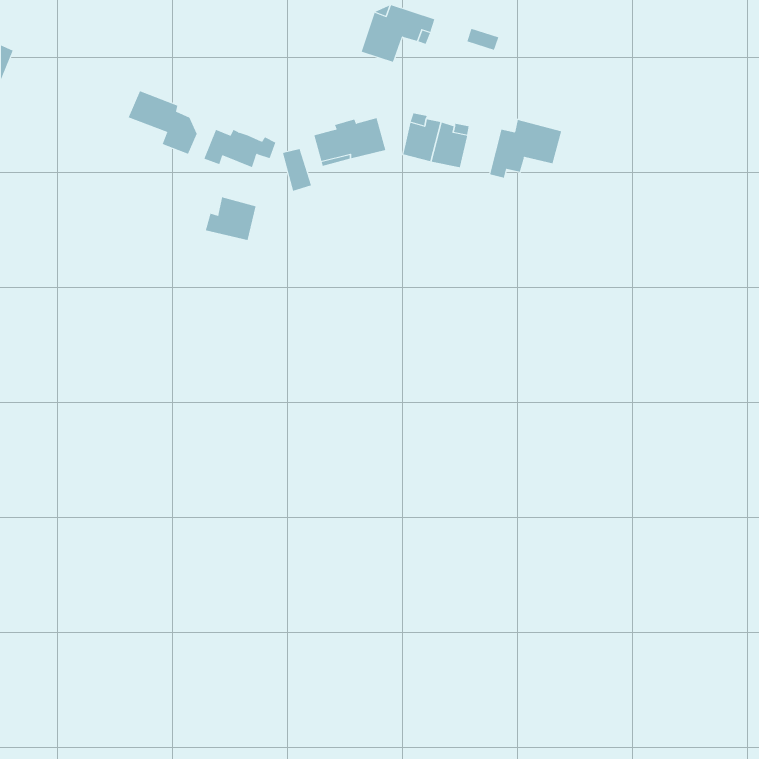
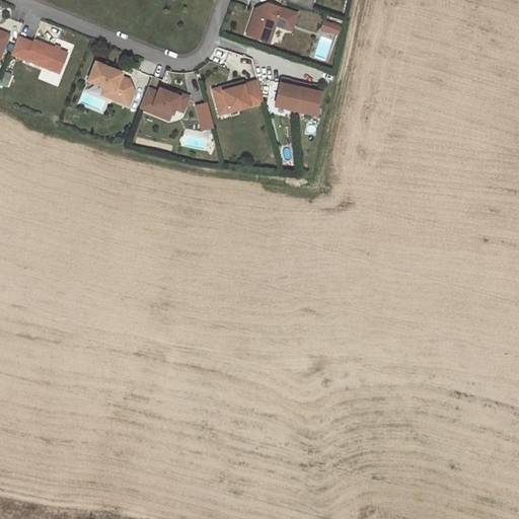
building: none -> [11,36,67,73]
building: [489,119,562,179] -> none
building: [205,196,256,241] -> none

